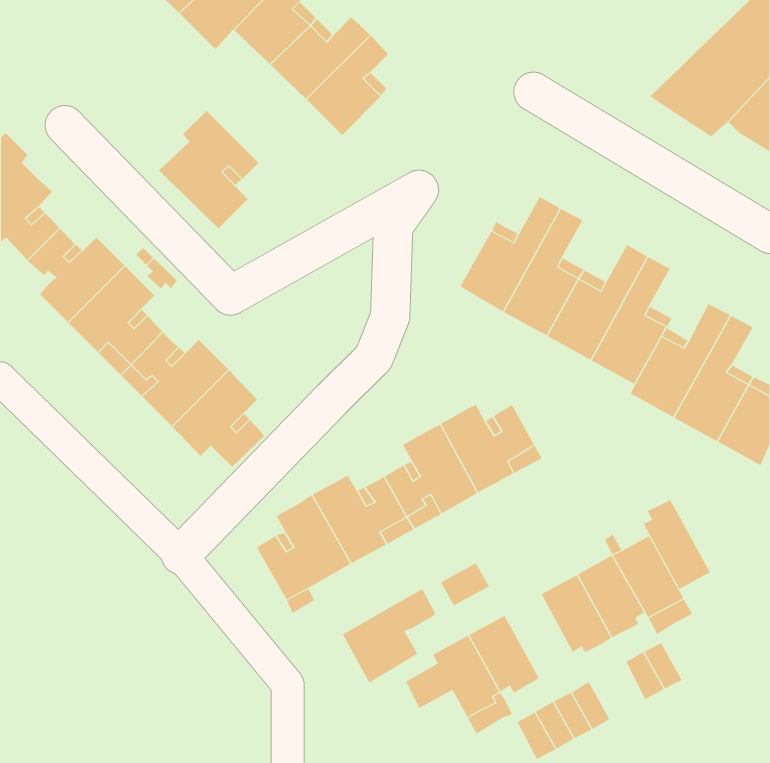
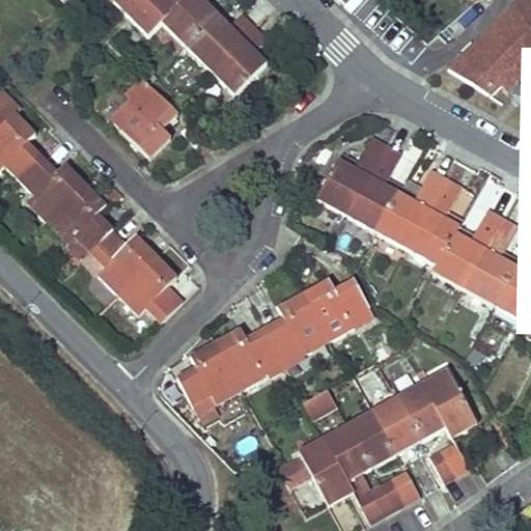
building: [643,499,710,590] -> none
building: [342,588,436,684] -> none
building: none -> [347,409,396,463]

